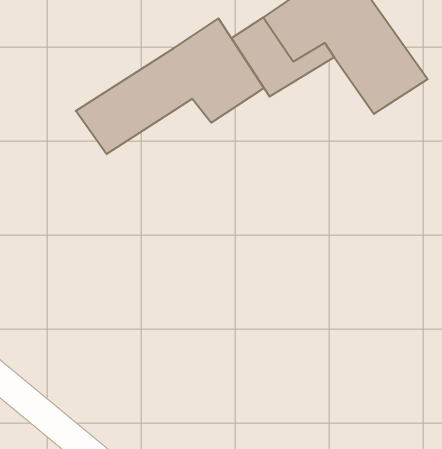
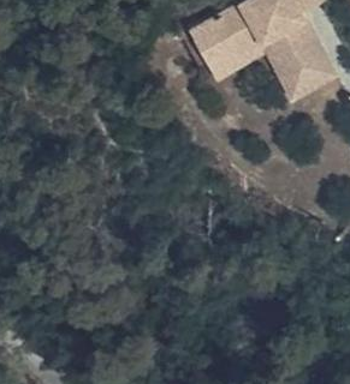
building: [76,18,264,154] -> none

